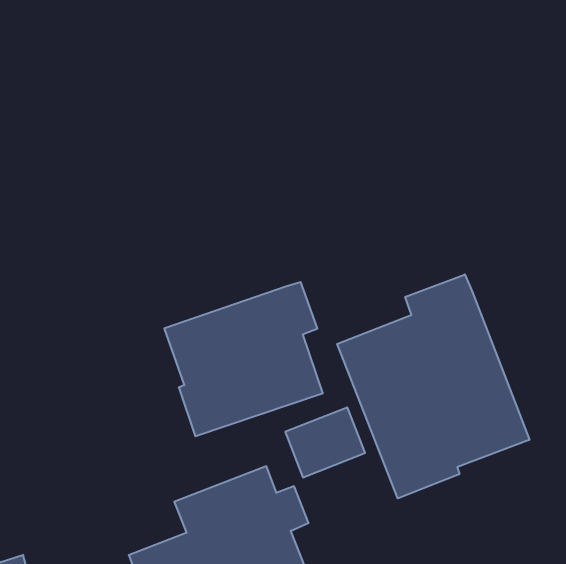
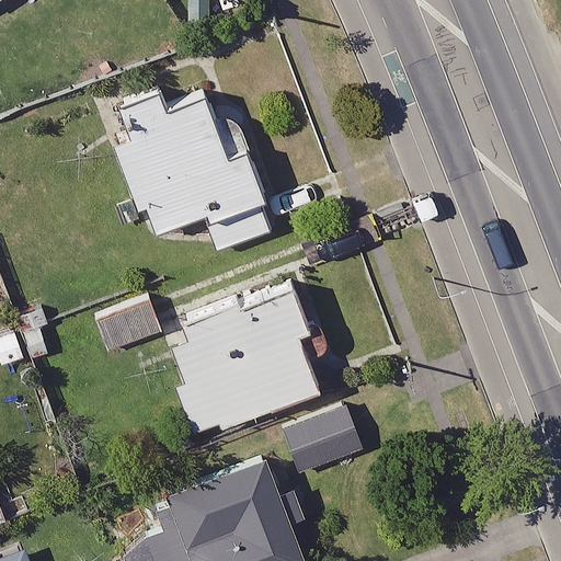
building: none -> [112,71,274,251]
building: [337,274,529,498] -> none

